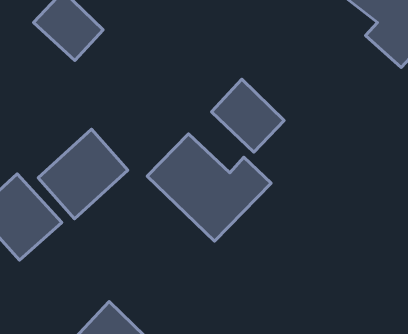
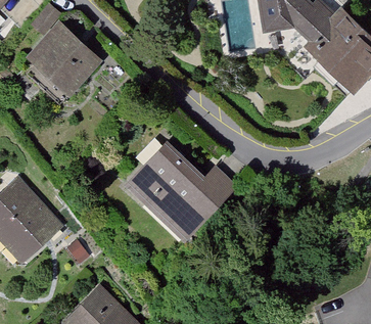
building: [211,79,284,152] -> none
building: [38,129,128,219] -> none

